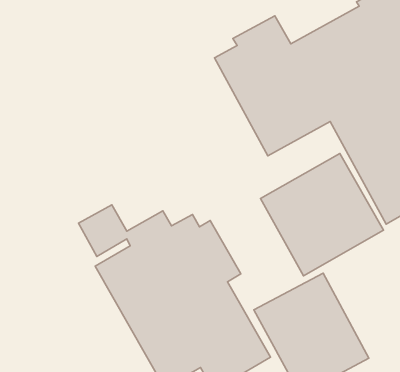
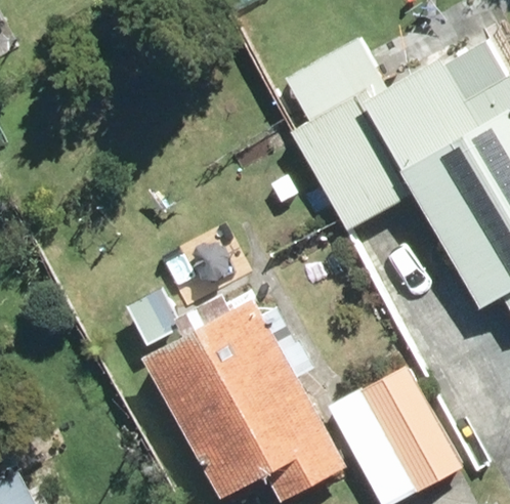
building: [261,154,383,276] -> none

